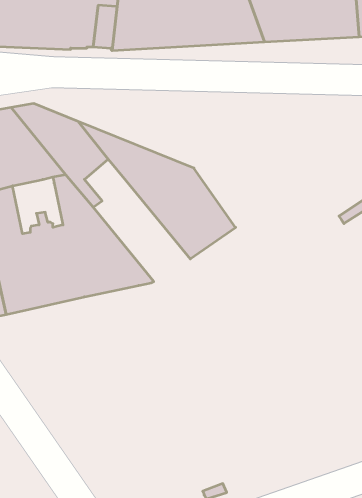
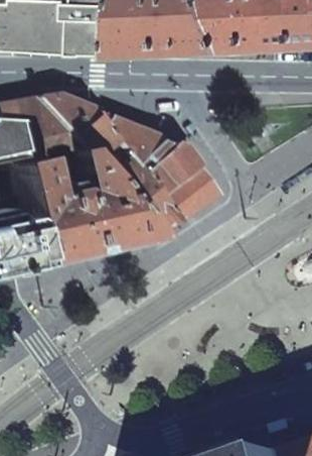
building: none -> [96,155,173,236]

